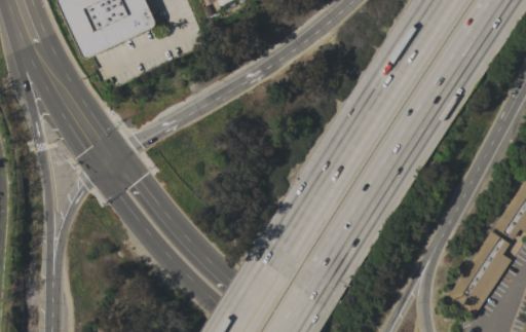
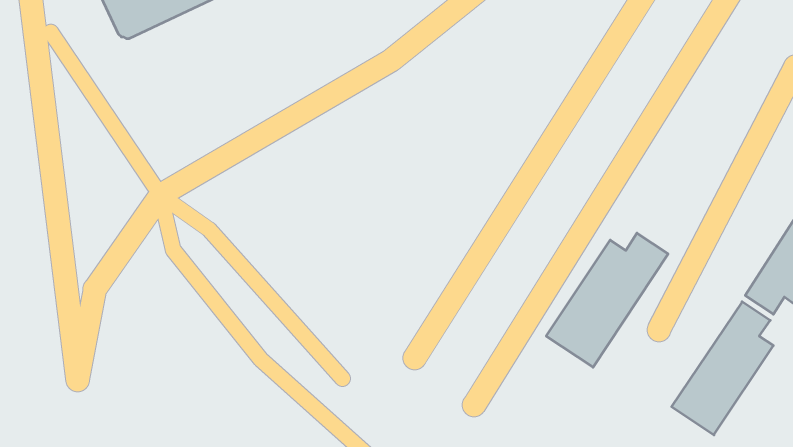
building: none -> [546,233,668,367]

